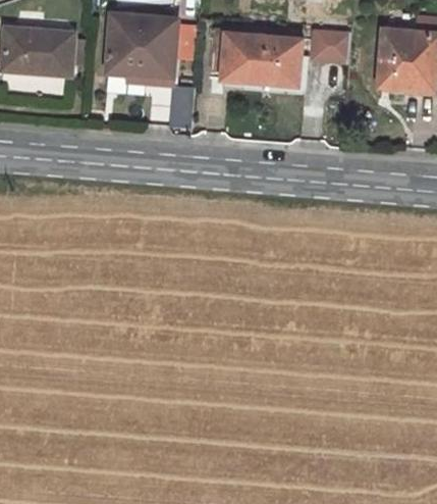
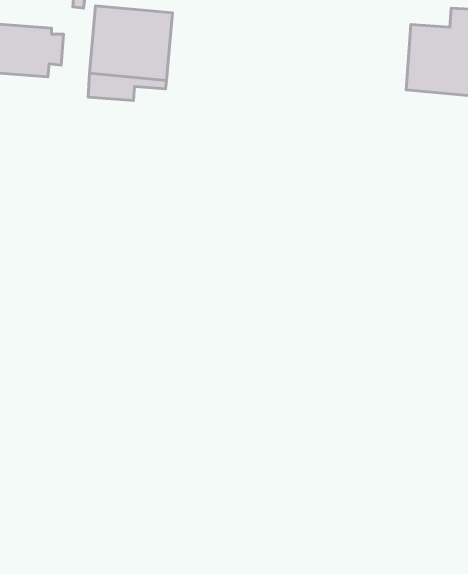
building: [312,30,350,60] -> none
building: [210,32,303,86] -> none
building: [167,85,190,127] -> none

